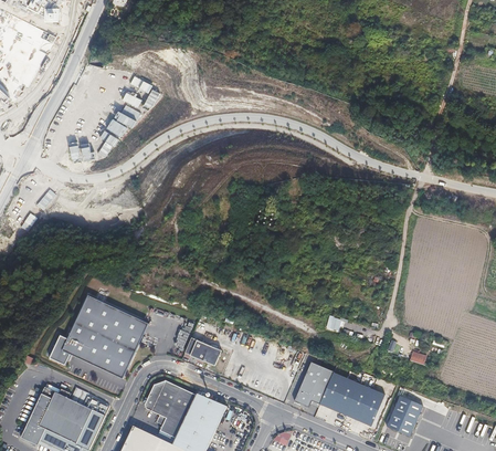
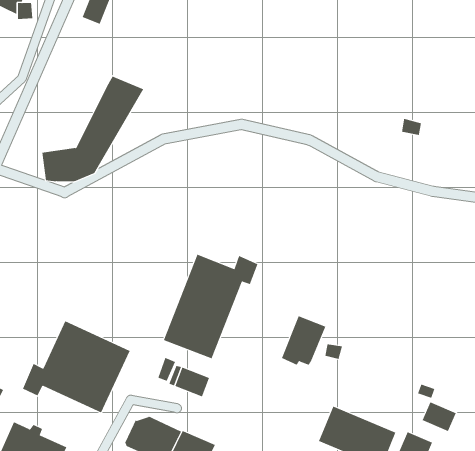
building: none -> [163,254,258,359]
building: [292,361,333,407] -> [281,315,326,365]
building: none -> [422,402,457,432]

